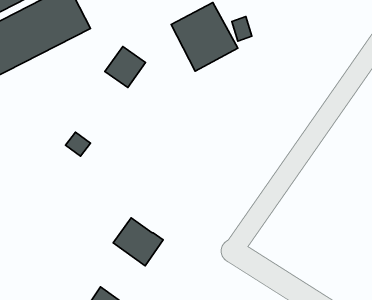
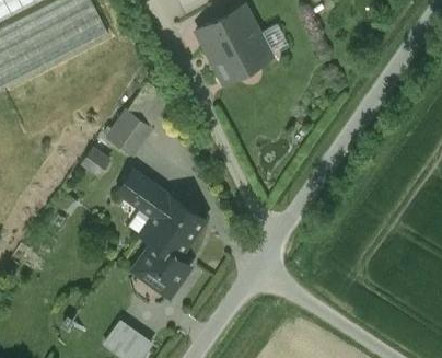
building: [105,47,146,88] -> [107,111,152,155]
building: none -> [118,172,205,259]

